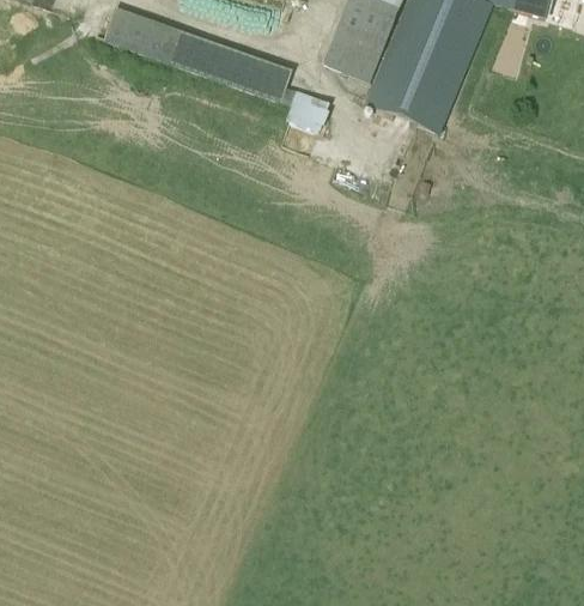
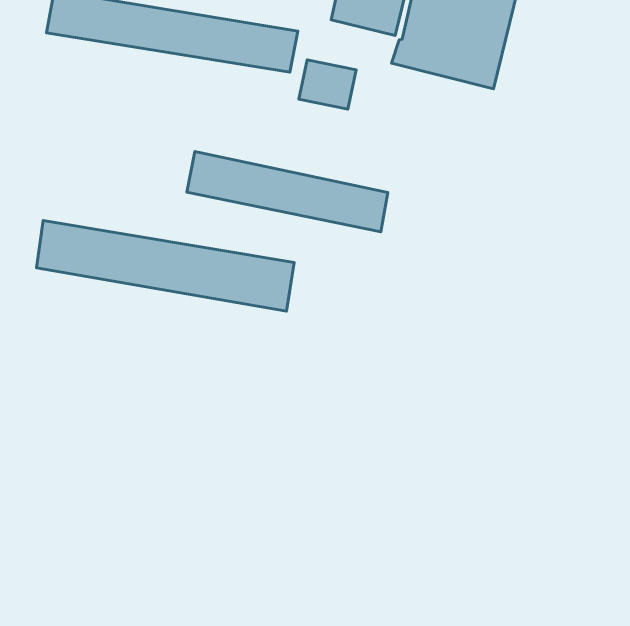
building: none -> [187,152,388,232]
building: none -> [37,220,294,311]

